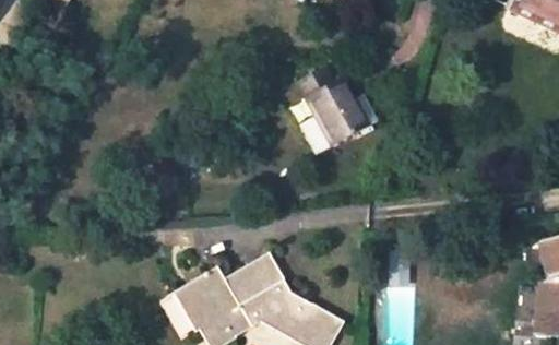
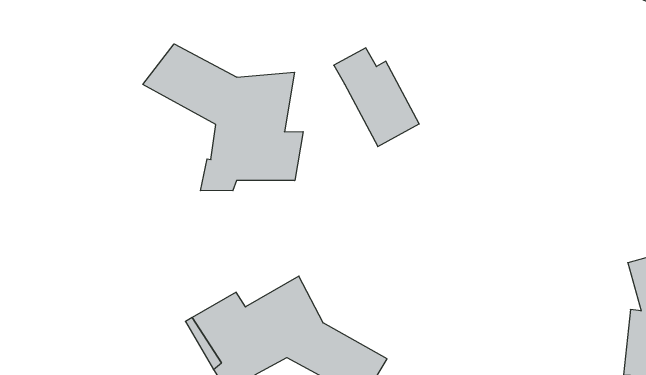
building: none -> [143,44,303,191]

